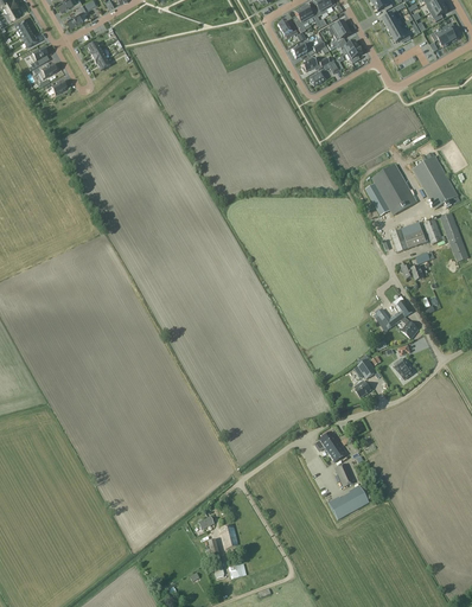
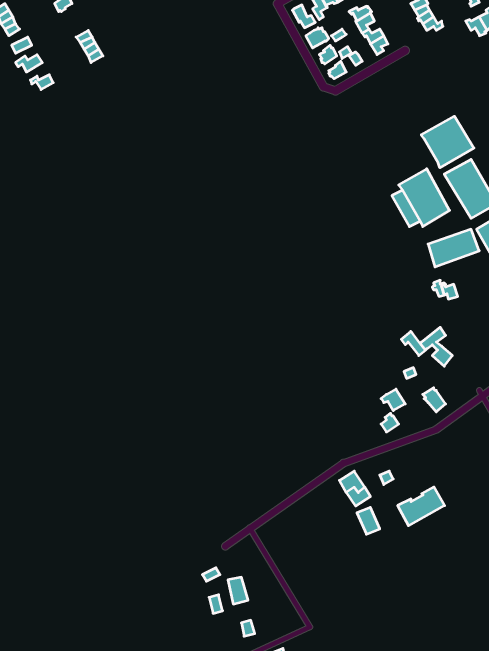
building: none -> [421,116,474,168]
building: [327,484,369,518] -> [398,487,445,526]

